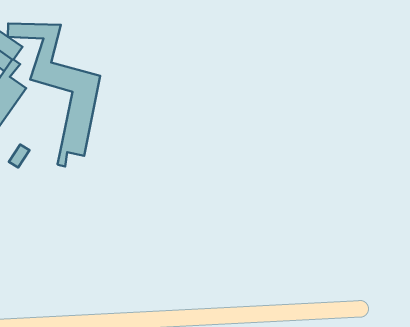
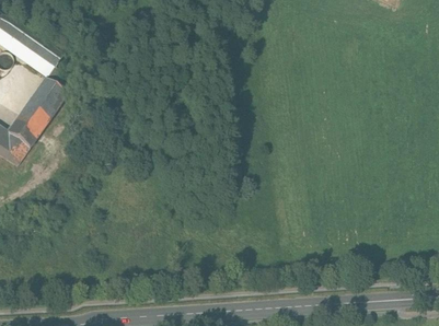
building: [8,24,100,167] -> none

